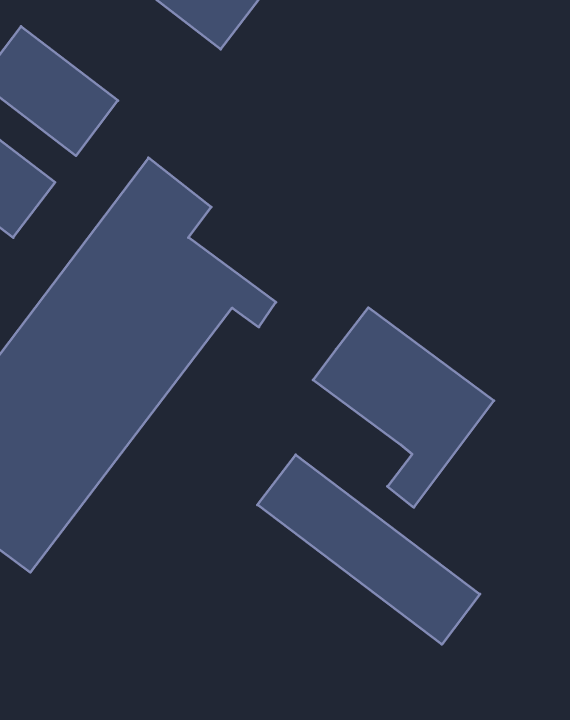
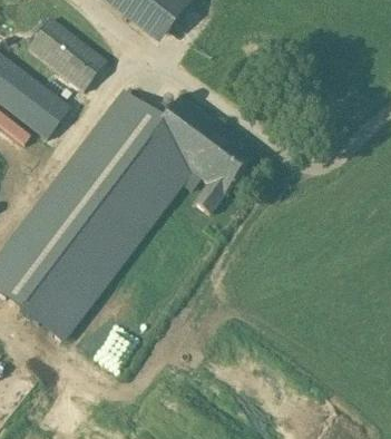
building: [313,308,494,507] -> [148,98,254,215]
building: [257,455,480,644] -> none

